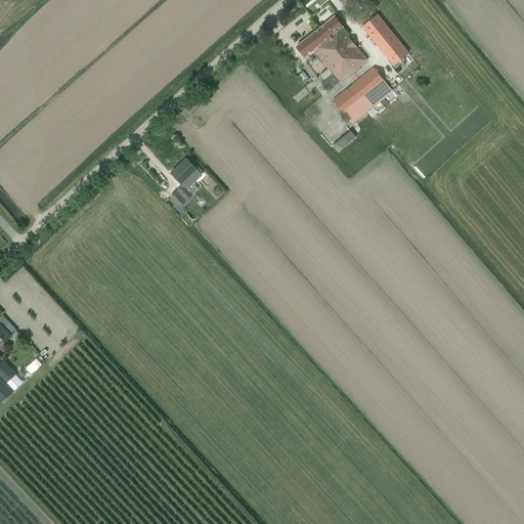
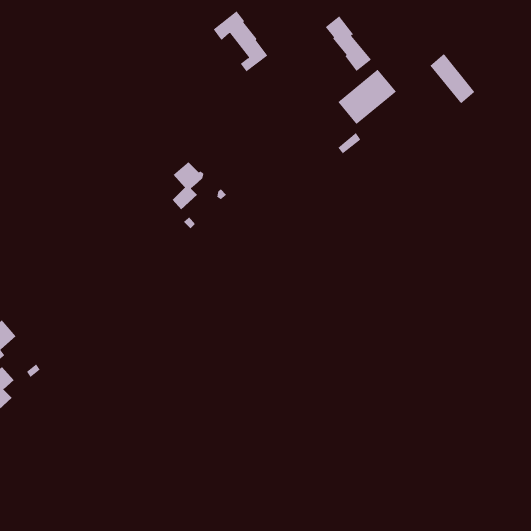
building: [361,14,406,64] -> [429,53,475,104]
building: [296,27,350,87] -> [213,11,268,72]

